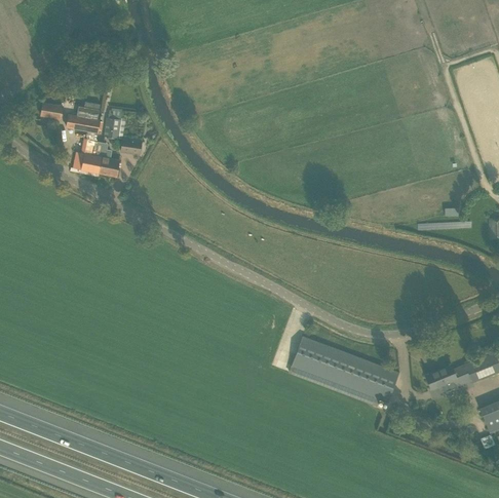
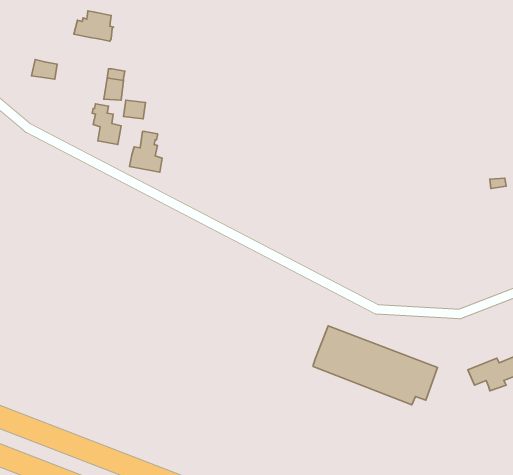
building: [66,105,101,131] -> [74,11,113,41]
building: [72,137,101,173] -> [130,132,162,172]

